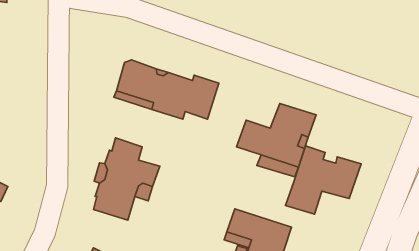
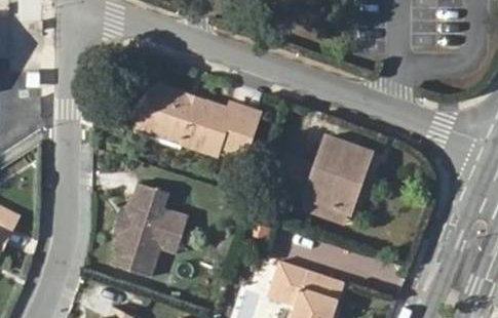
building: [286,146,361,214] -> none

